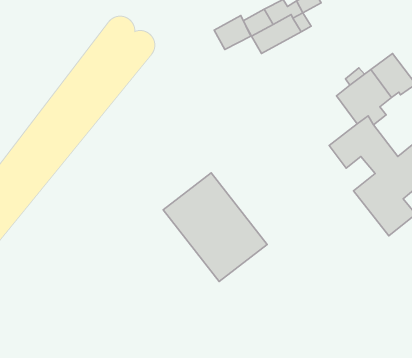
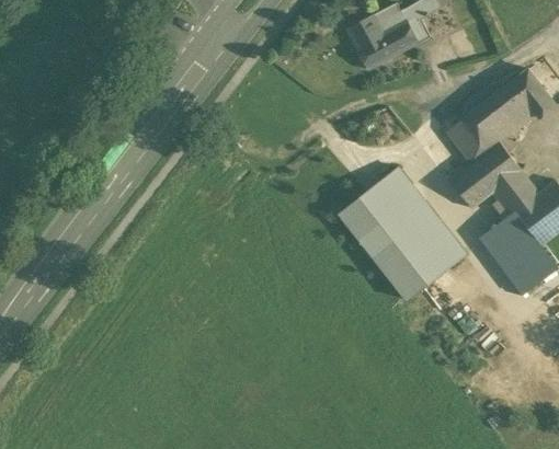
building: [214,16,251,50] -> none
building: none -> [446,120,486,165]
building: [163,173,267,281] -> [339,169,465,300]

